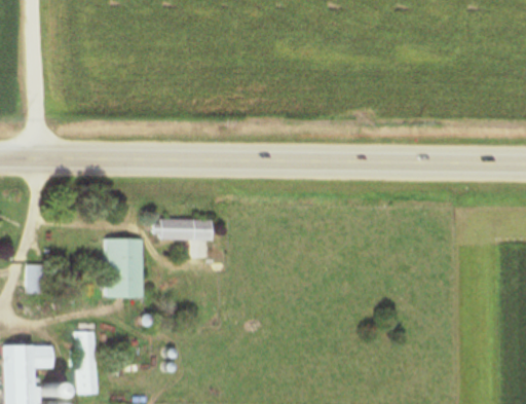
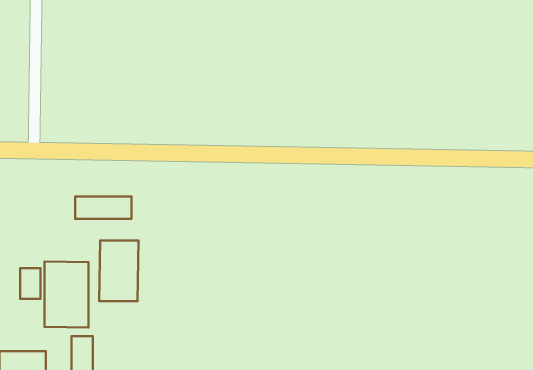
building: [155,218,210,240] -> [75,196,132,219]
building: none -> [44,262,89,328]

